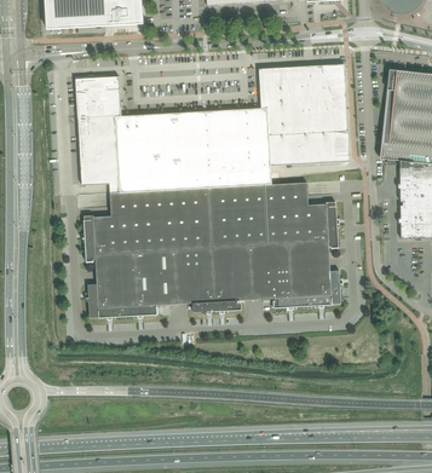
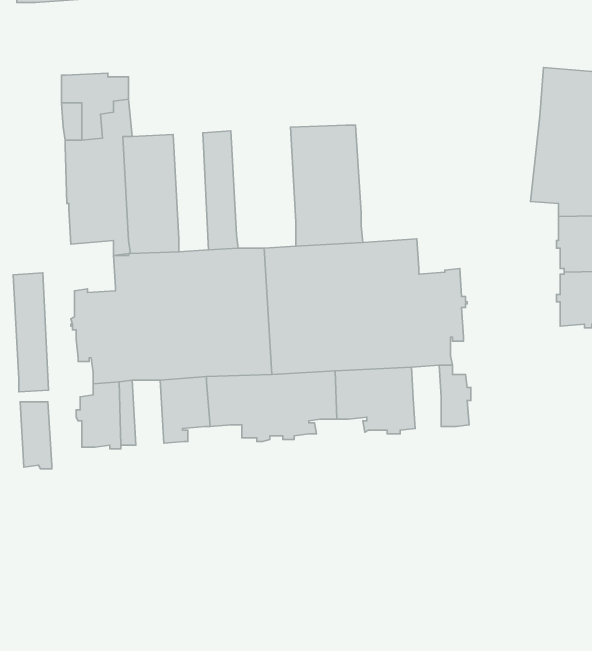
building: [258,62,349,163] -> none
building: [185,108,227,186] -> none
building: [148,111,171,189] -> [13,273,49,392]
building: [303,263,323,306] -> none
building: [121,272,142,316] -> [20,402,52,469]

